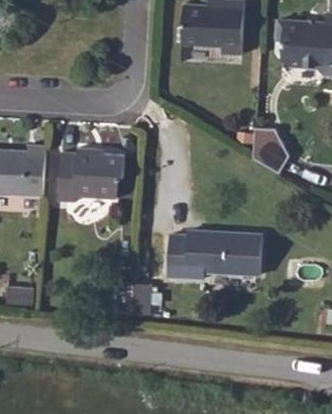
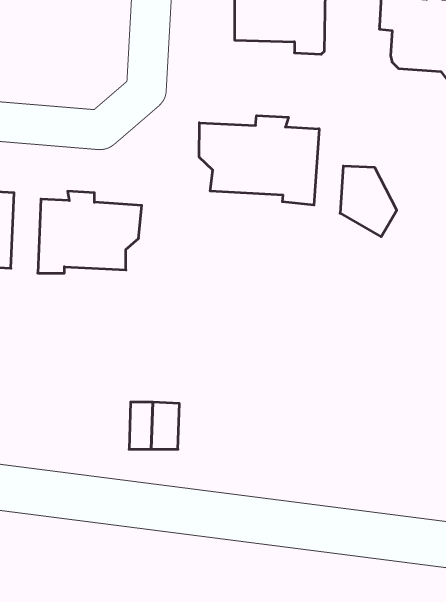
building: none -> [199,116,319,205]
building: [171,231,263,280] -> none

